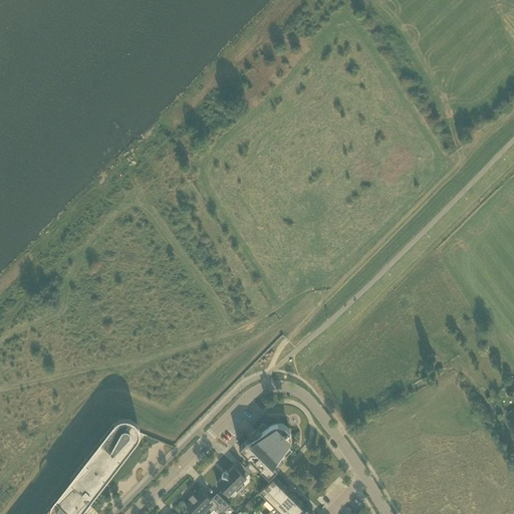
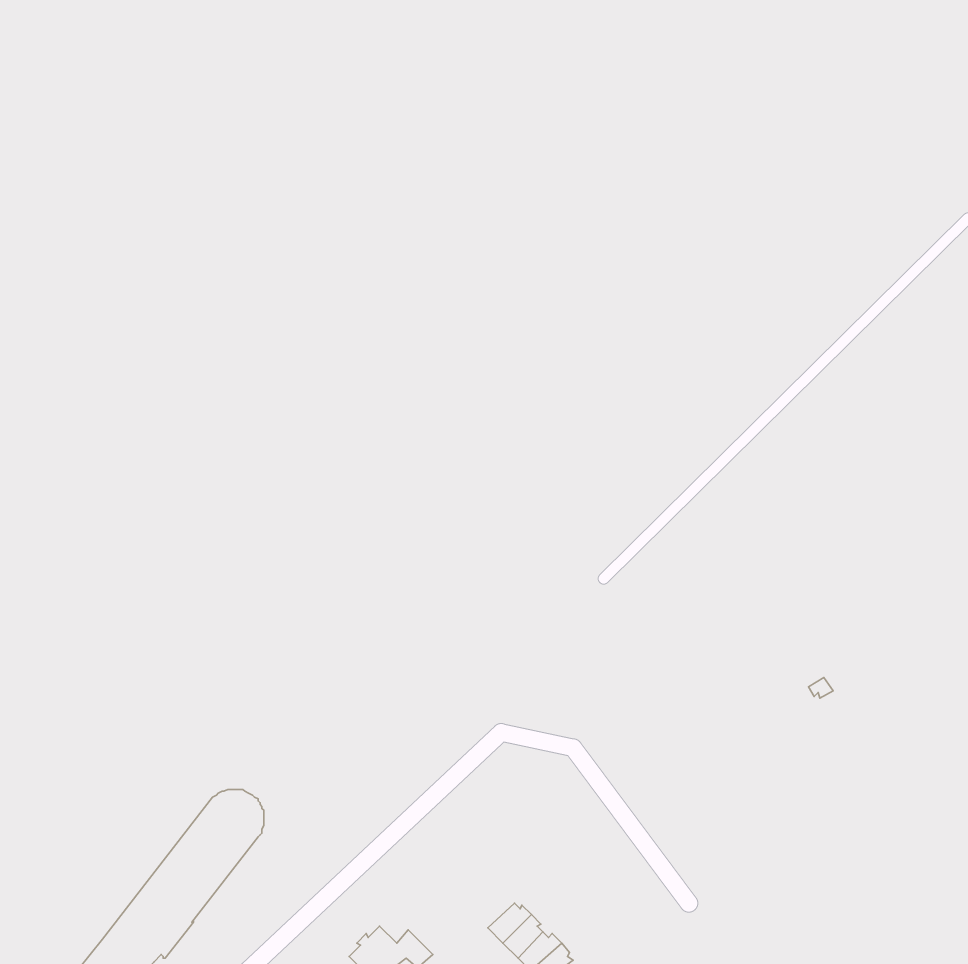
building: [238,425,291,479] -> none
building: [216,467,249,497] -> none

